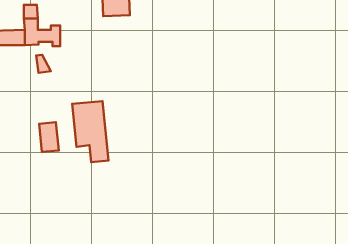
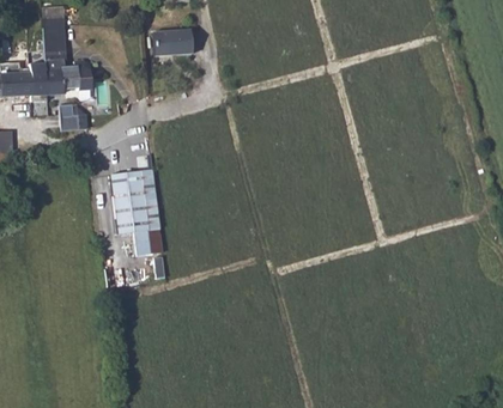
building: [39,122,59,152] -> none

